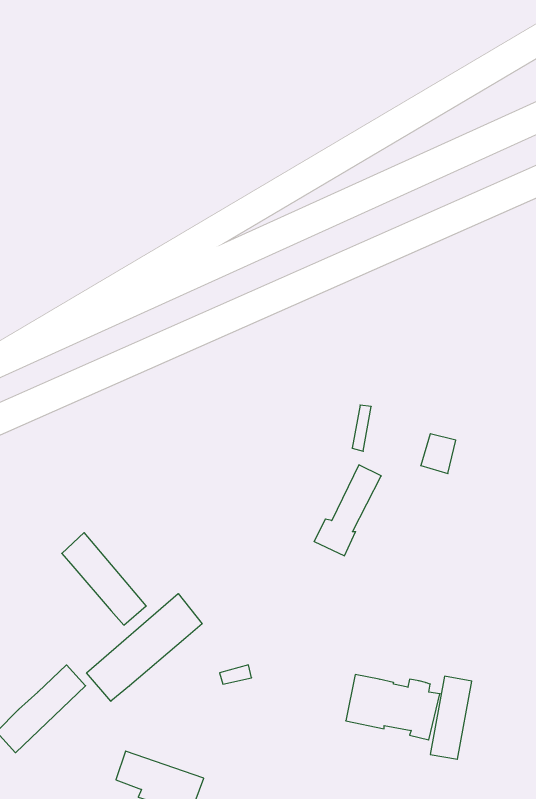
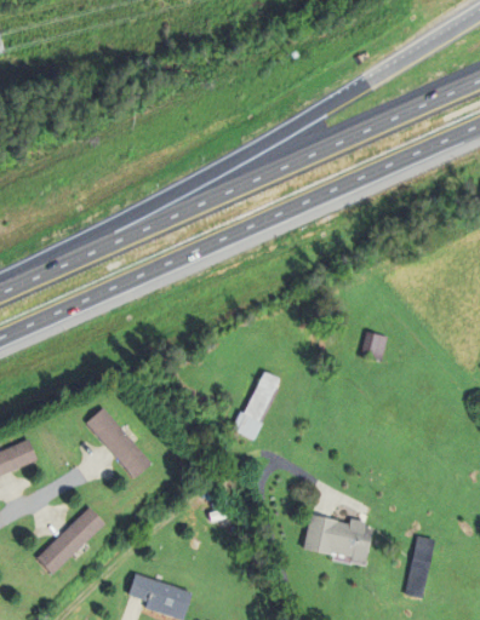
building: [314,465,381,556] -> [230,371,281,440]
building: [87,594,202,701] -> none
building: [430,676,472,759] -> [404,536,435,599]

